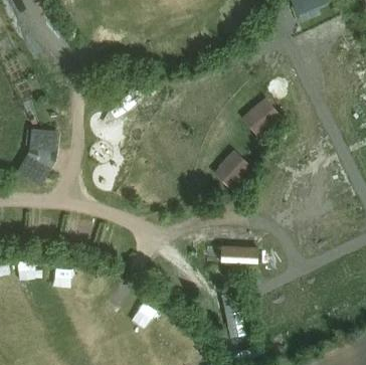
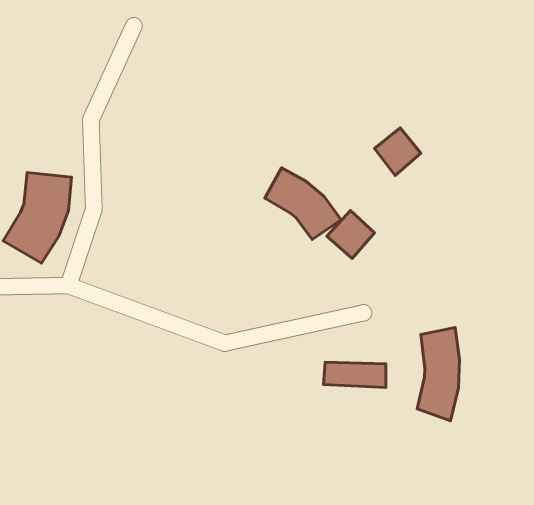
building: none -> [265,168,341,240]
building: none -> [417,328,459,421]

